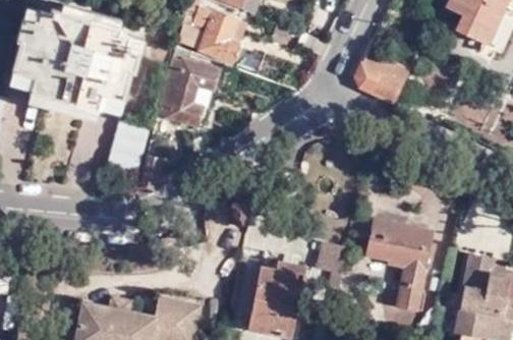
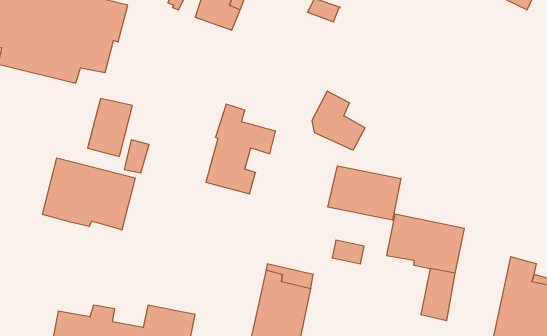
building: [158,47,218,124] -> [206,104,276,194]
building: [357,51,403,102] -> [312,91,365,150]
building: none -> [43,158,135,230]
building: none -> [328,166,401,220]

